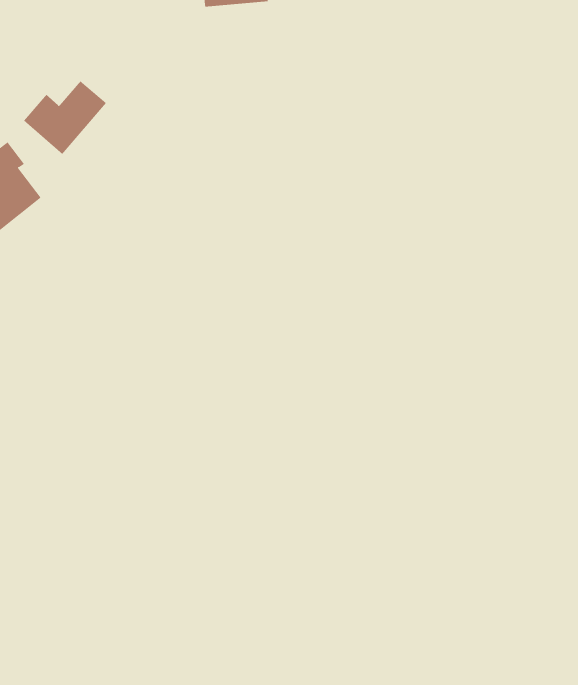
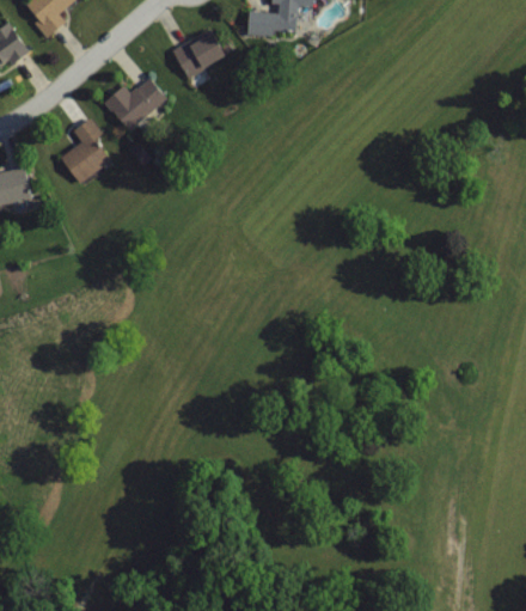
building: none -> [171,30,225,78]

